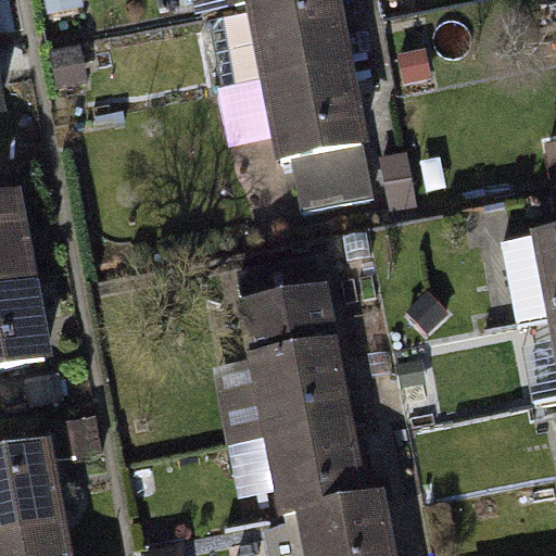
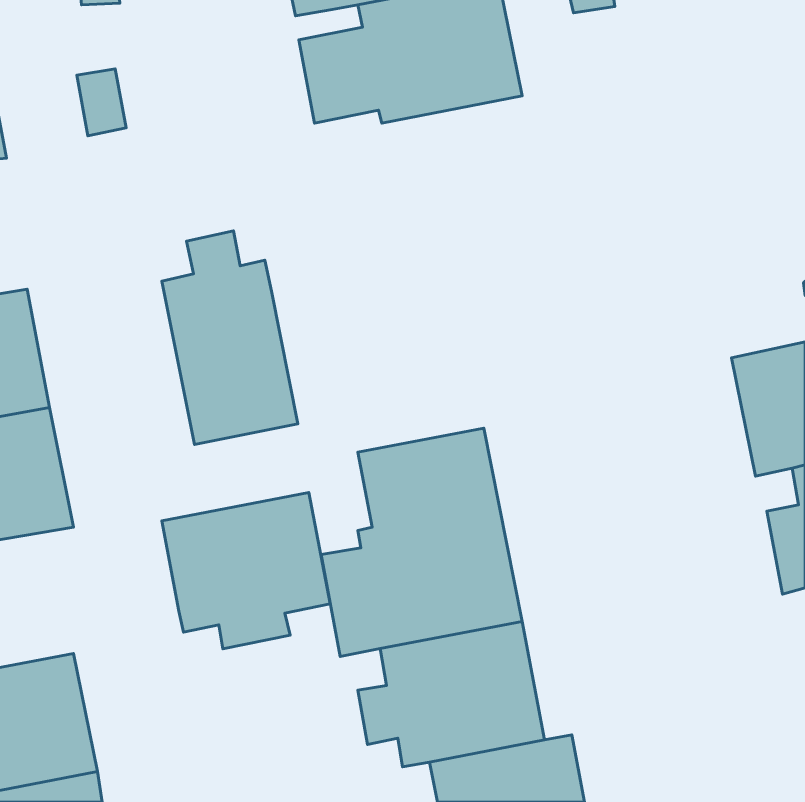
building: [216,65,371,213] -> none
building: none -> [162,231,298,445]
building: none -> [162,492,330,649]

